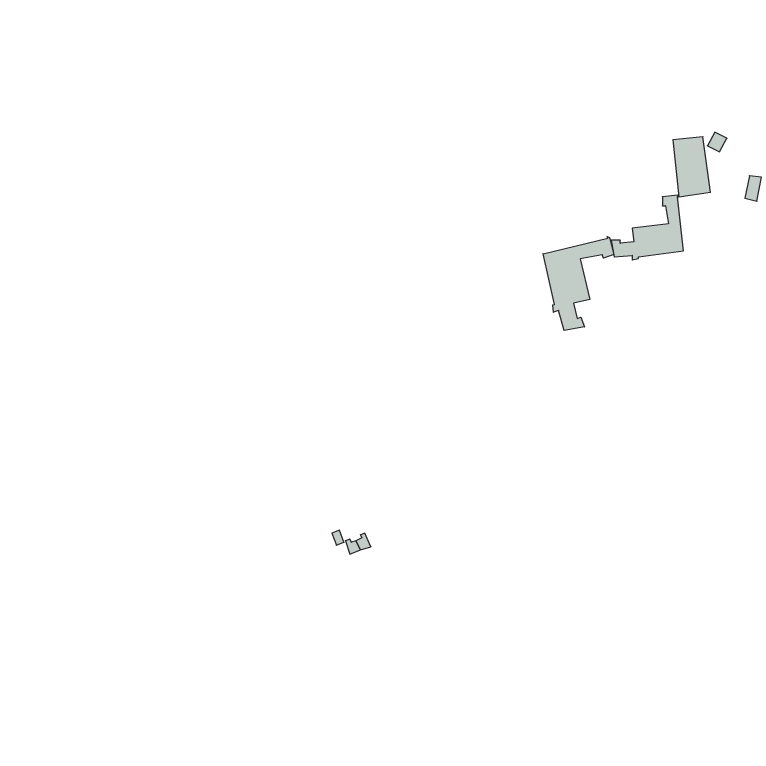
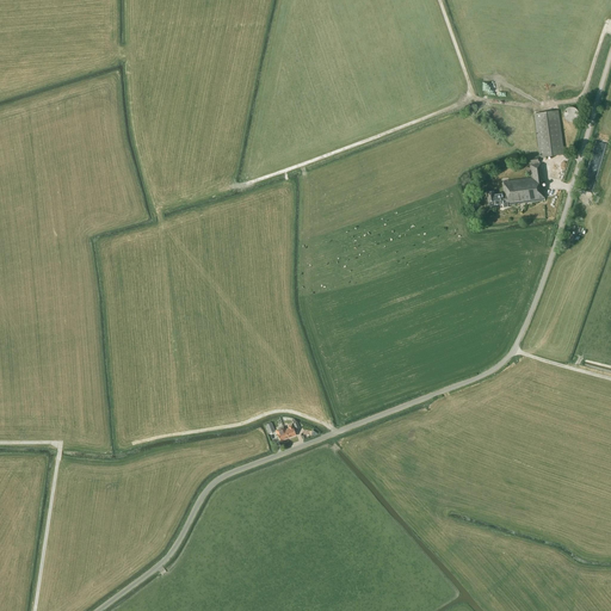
building: [543,237,614,330] -> none

